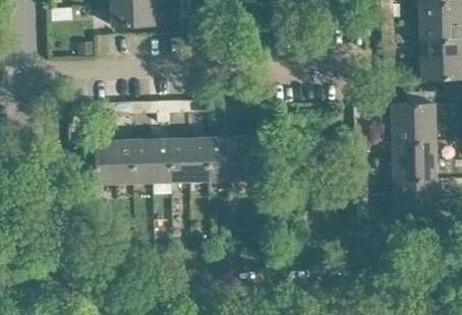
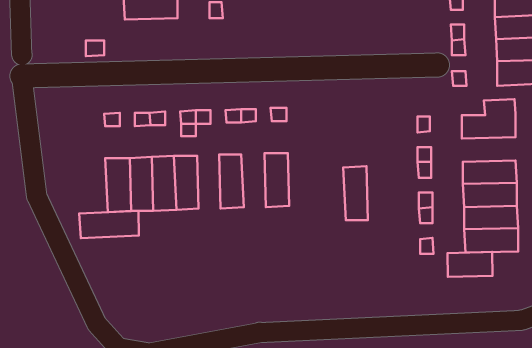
building: [391,122,436,142] -> none
building: [208,135,228,180] -> [343,166,368,220]
building: [171,136,190,181] -> none
building: none -> [79,211,139,238]
building: none -> [448,252,493,277]

